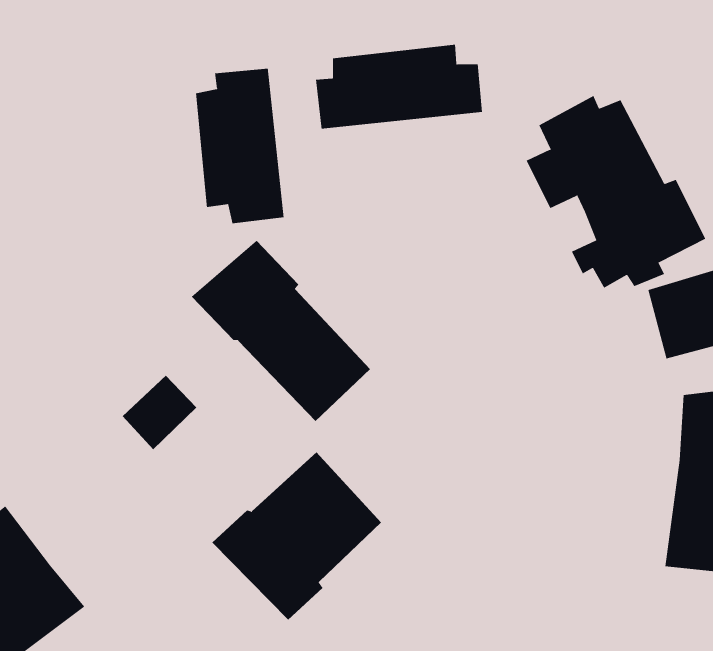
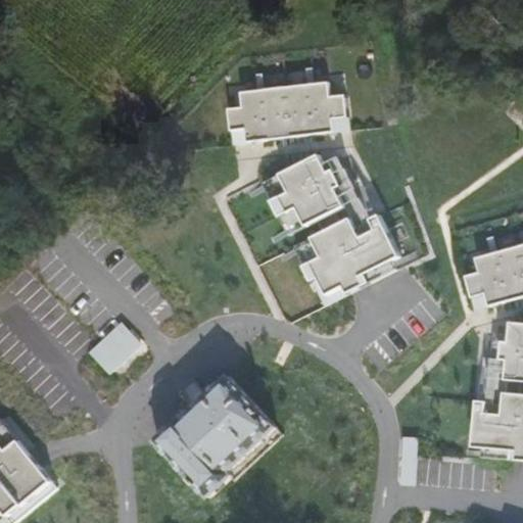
building: [196,68,284,224] -> none
building: [526,95,706,288] -> [270,152,399,291]
building: [191,240,371,422] -> none

